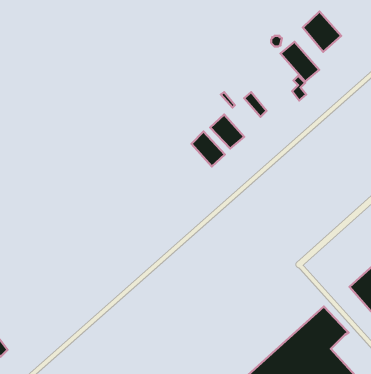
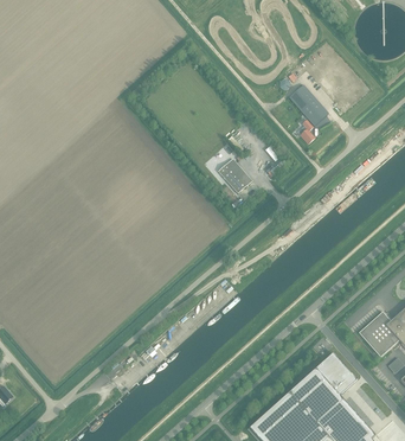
building: [303,12,341,52] -> none
building: [192,132,225,166] -> none

